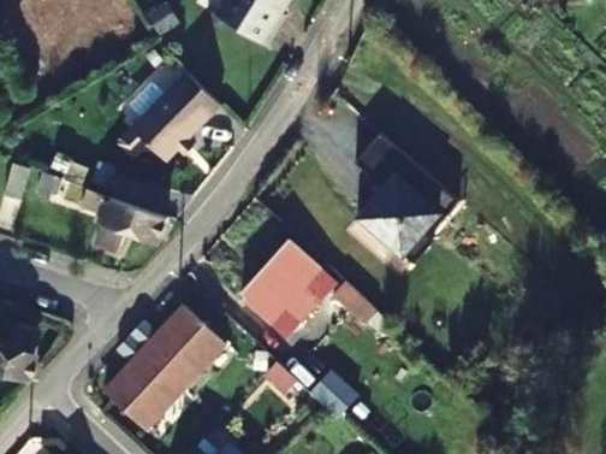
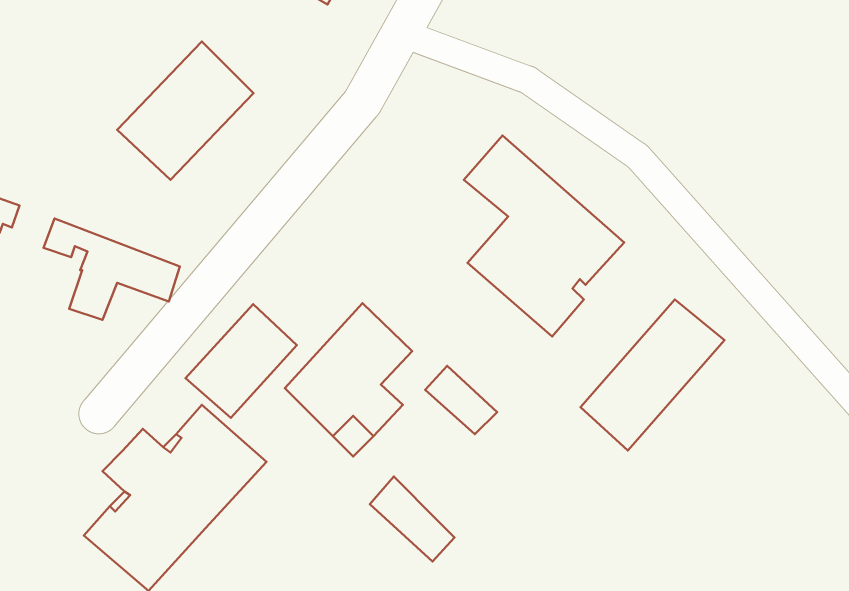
building: none -> [580,299,724,451]
building: none -> [186,304,297,418]

